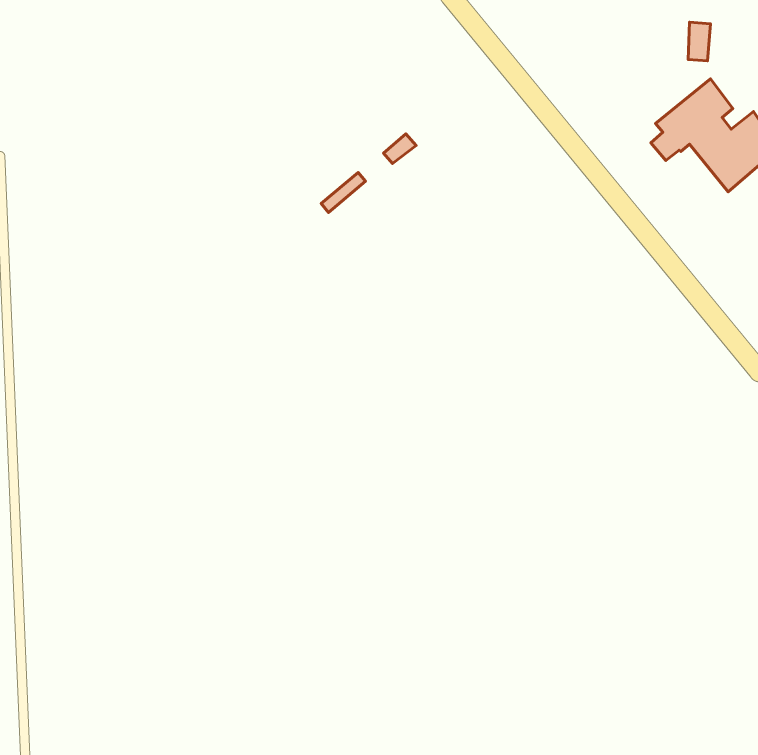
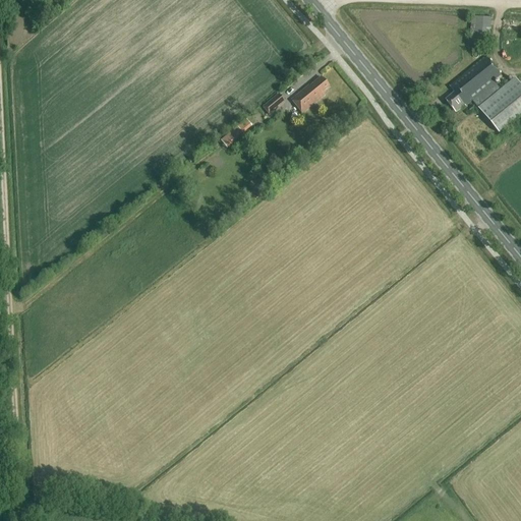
building: none -> [292,75,330,111]

